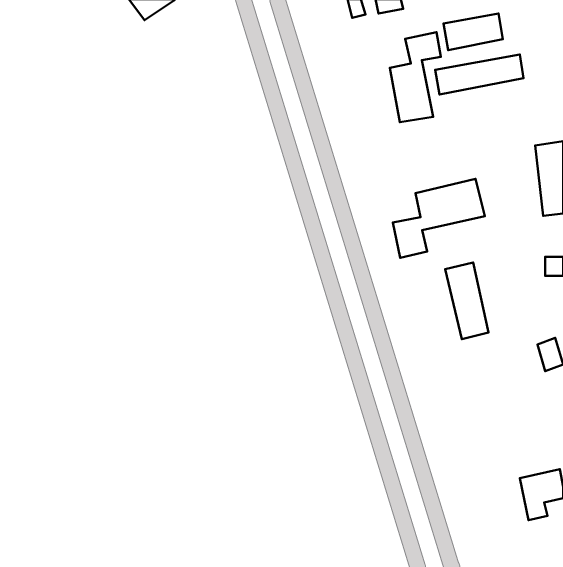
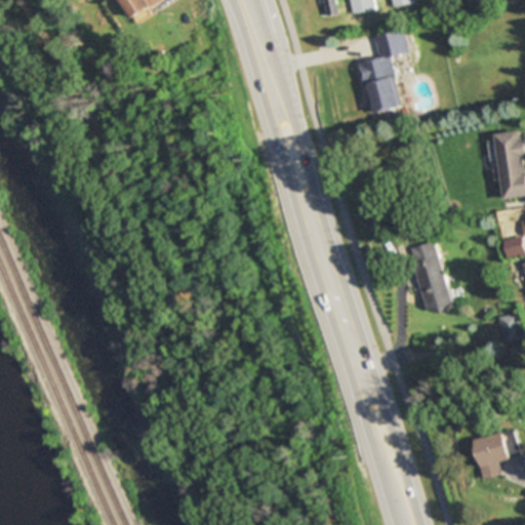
building: [443,13,503,50] -> none
building: [435,55,524,95] -> none
building: [393,179,485,258] -> none

